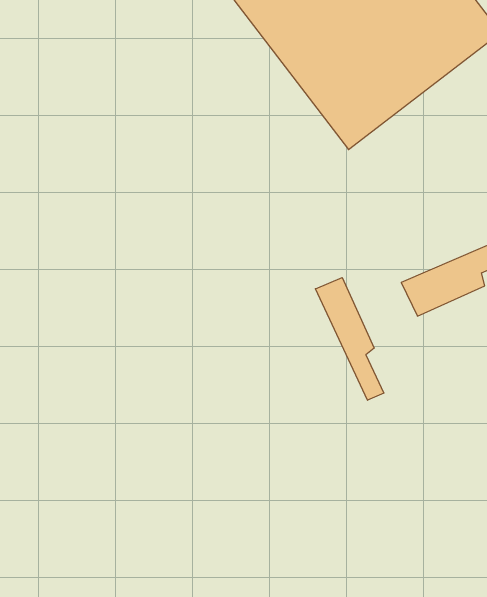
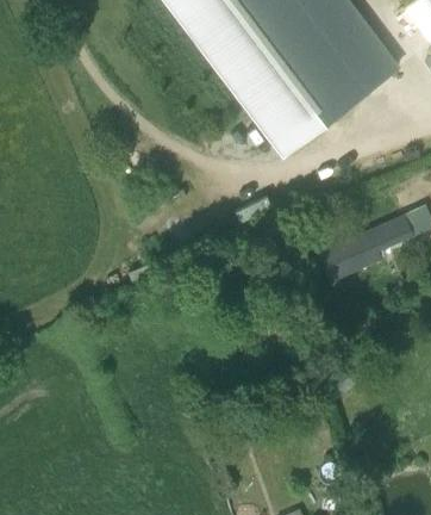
building: [315,278,384,400] -> none

